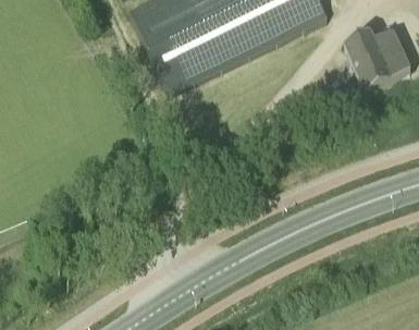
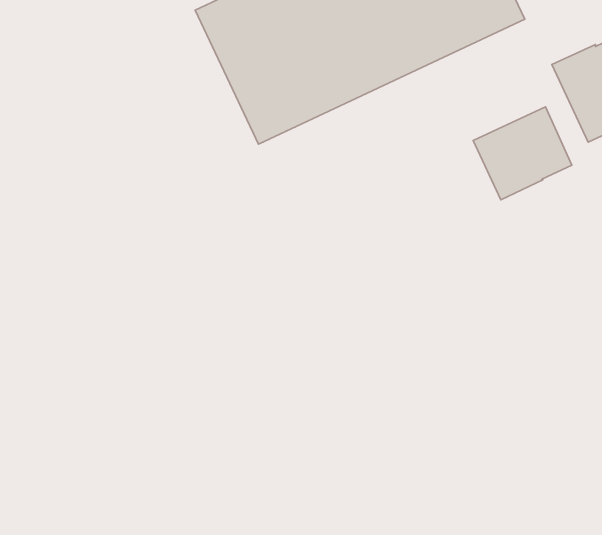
building: none -> [473,107,572,200]

